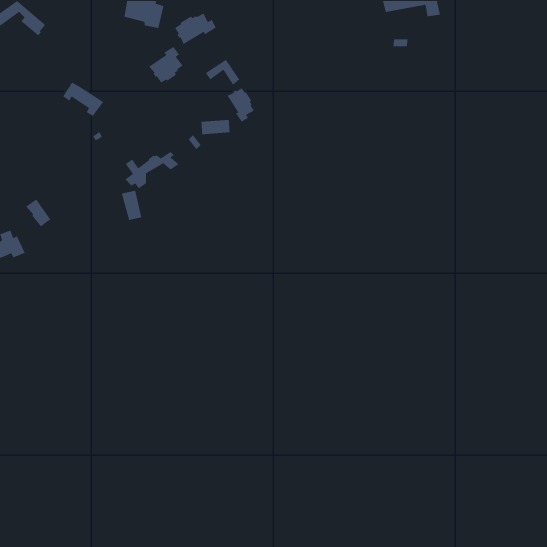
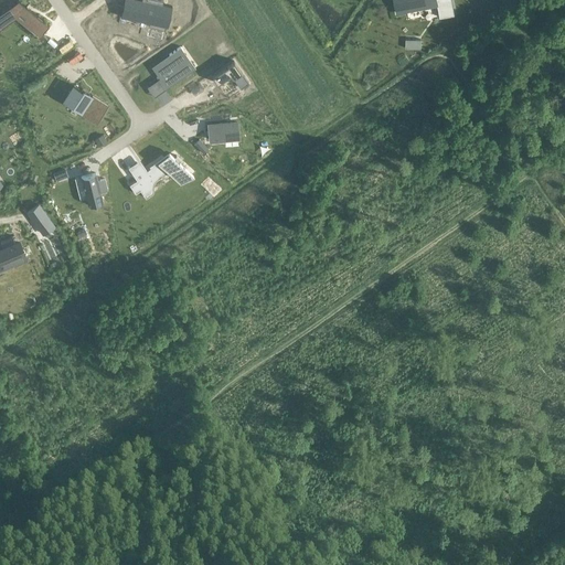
building: [174,12,218,45] -> none
building: [227,87,255,124] -> none
building: [121,190,142,221] -> [79,174,102,206]

